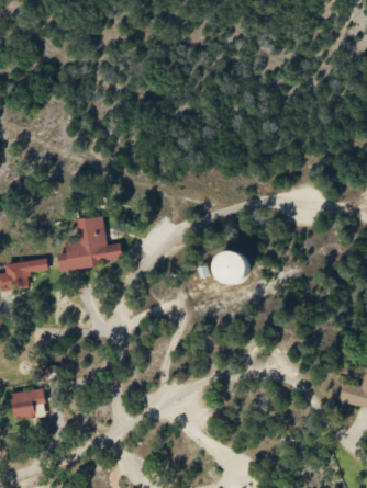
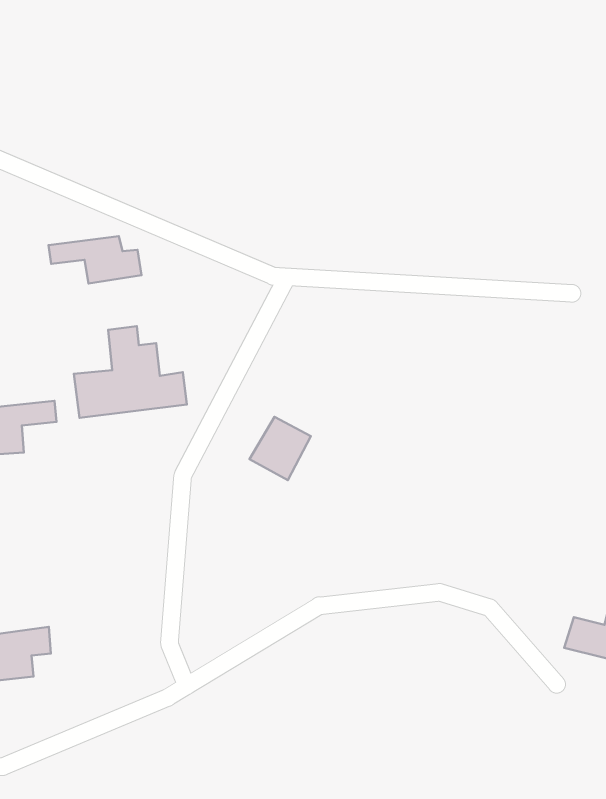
building: none -> [48,236,142,284]
building: [213,250,248,286] -> [250,417,311,480]

